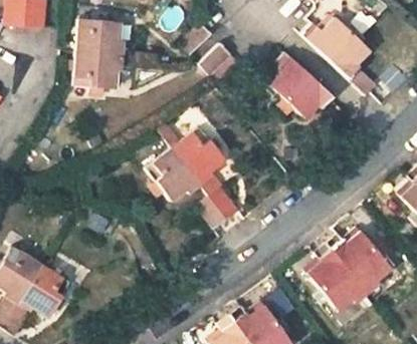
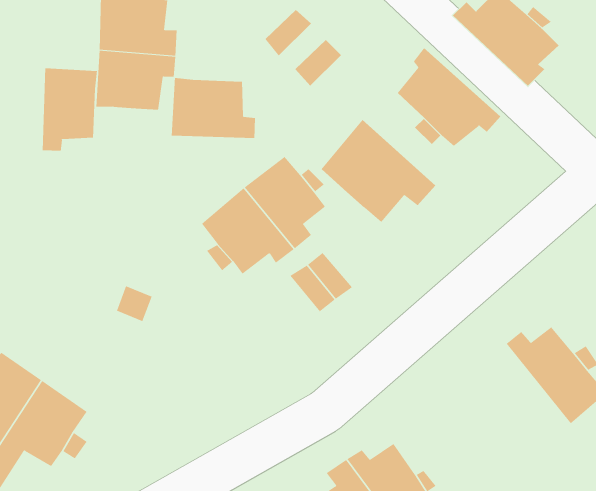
building: none -> [42,67,98,151]
building: none -> [171,77,255,139]
building: none -> [321,119,436,223]
building: [315,242,376,313] -> none

